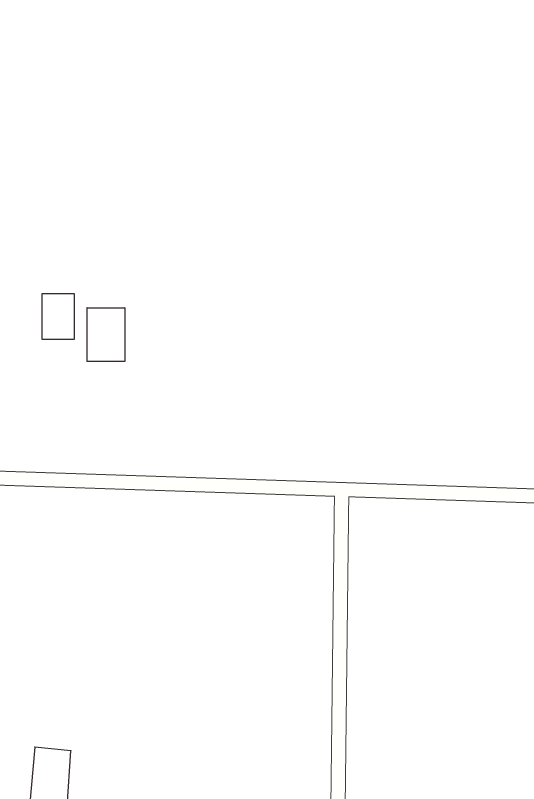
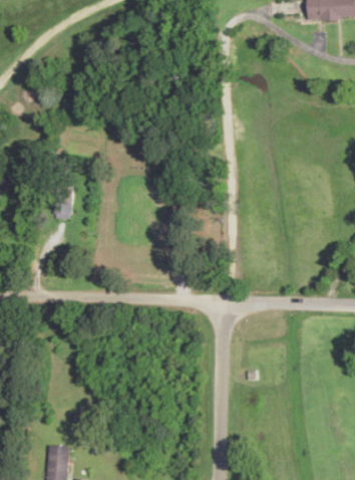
building: [87,308,125,361] -> none

